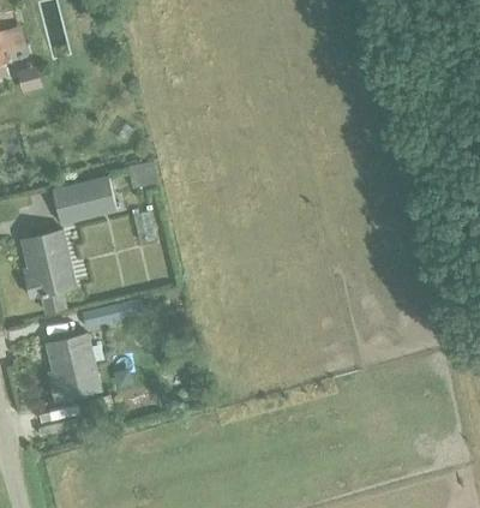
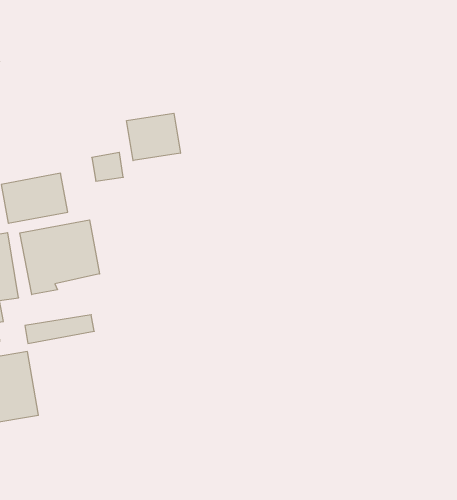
building: none -> [127,113,180,161]
building: none -> [20,220,100,295]

